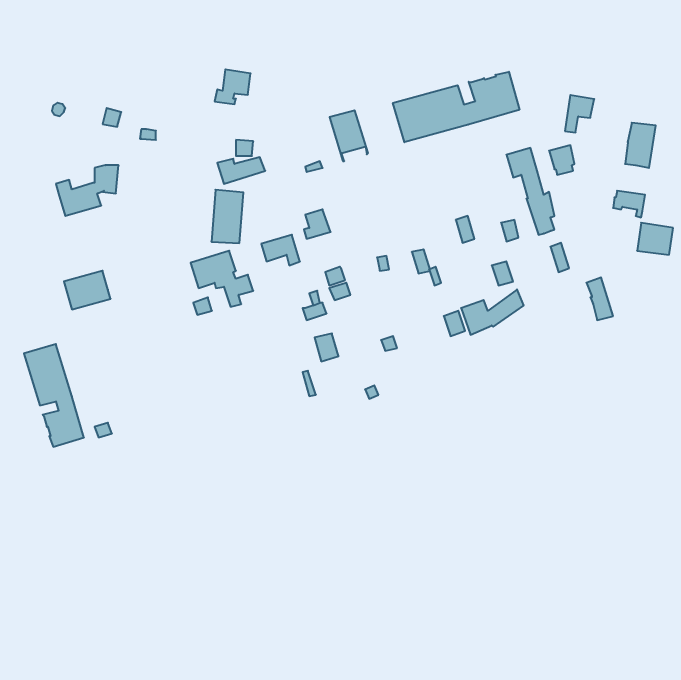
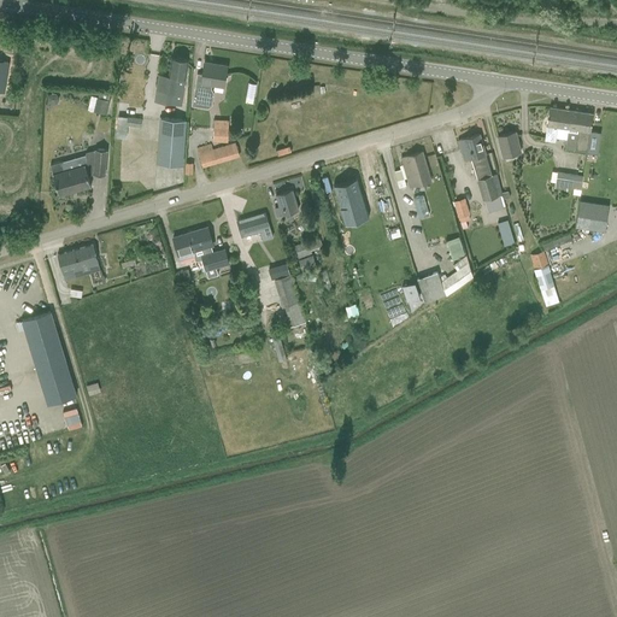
building: none -> [155,58,188,93]
building: [393,72,519,142] -> none
building: [565,95,594,132] -> [545,108,571,142]
building: [330,110,368,161] -> [333,177,368,223]
building: none -> [401,152,431,189]
building: [211,190,243,243] -> [157,118,186,166]

